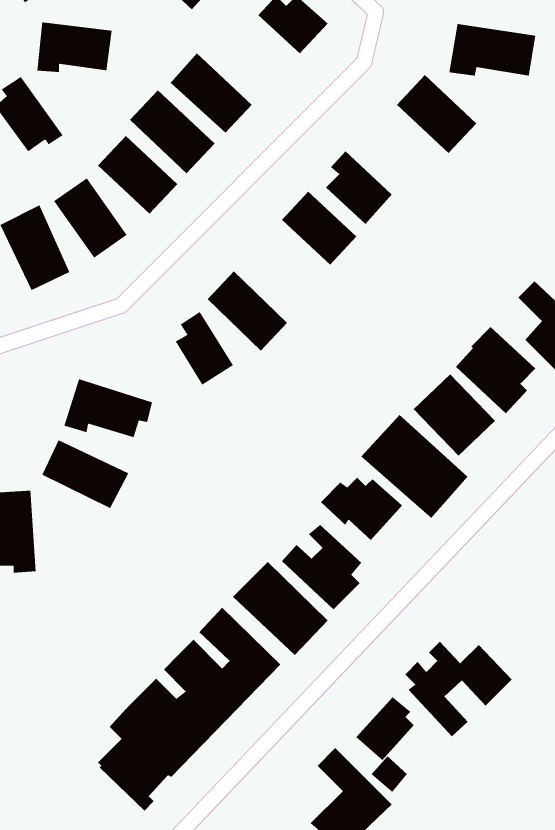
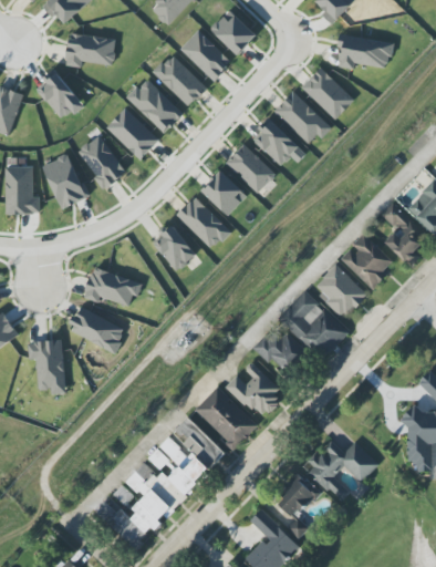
building: none -> [179,30,231,81]
building: none -> [273,91,331,143]
building: none -> [201,171,247,216]

